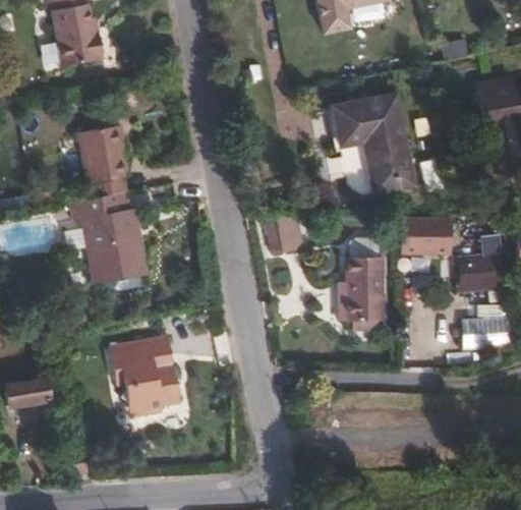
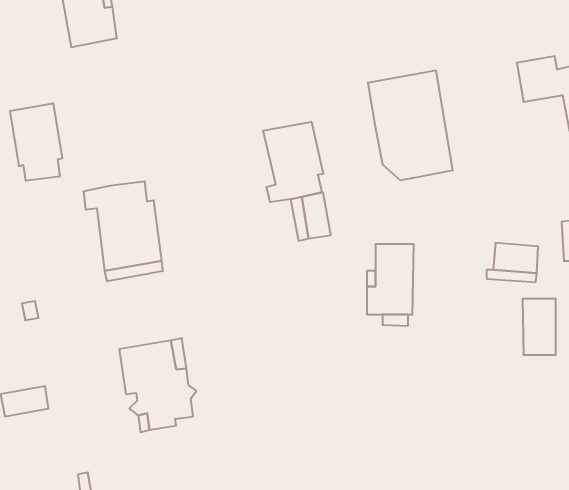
building: [86,128,134,199] -> [10,103,62,181]
building: none -> [263,122,323,202]
building: [418,213,448,244] -> none

